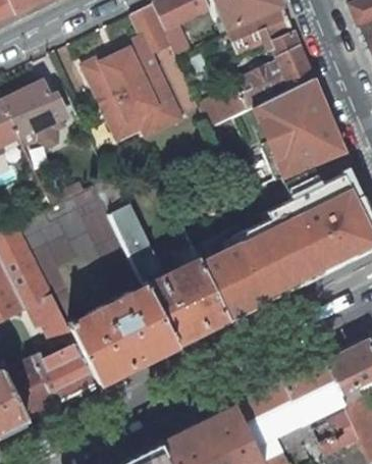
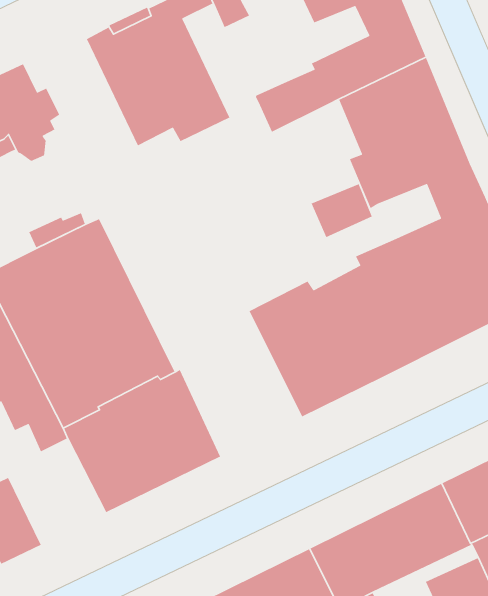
building: [280,163,322,200] -> [311,183,373,238]
building: [94,175,229,346] -> none
building: [33,344,98,405] -> none

